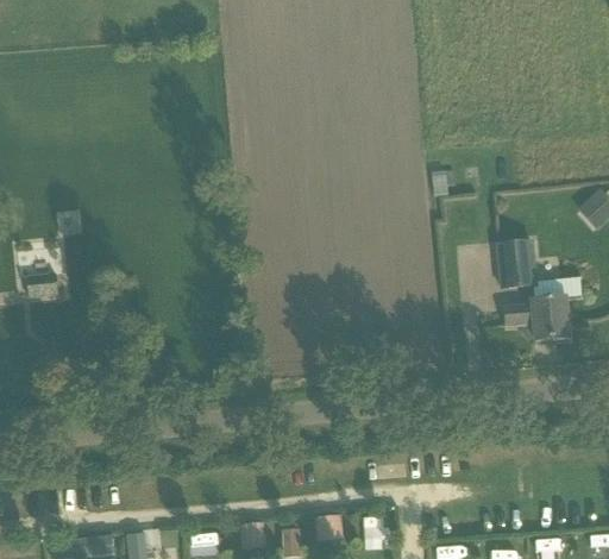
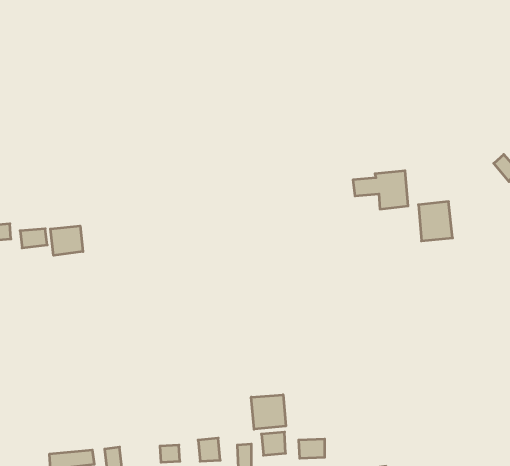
building: none -> [50,226,83,255]
building: [503,295,569,340] -> [353,171,408,209]
building: none -> [251,395,286,429]

